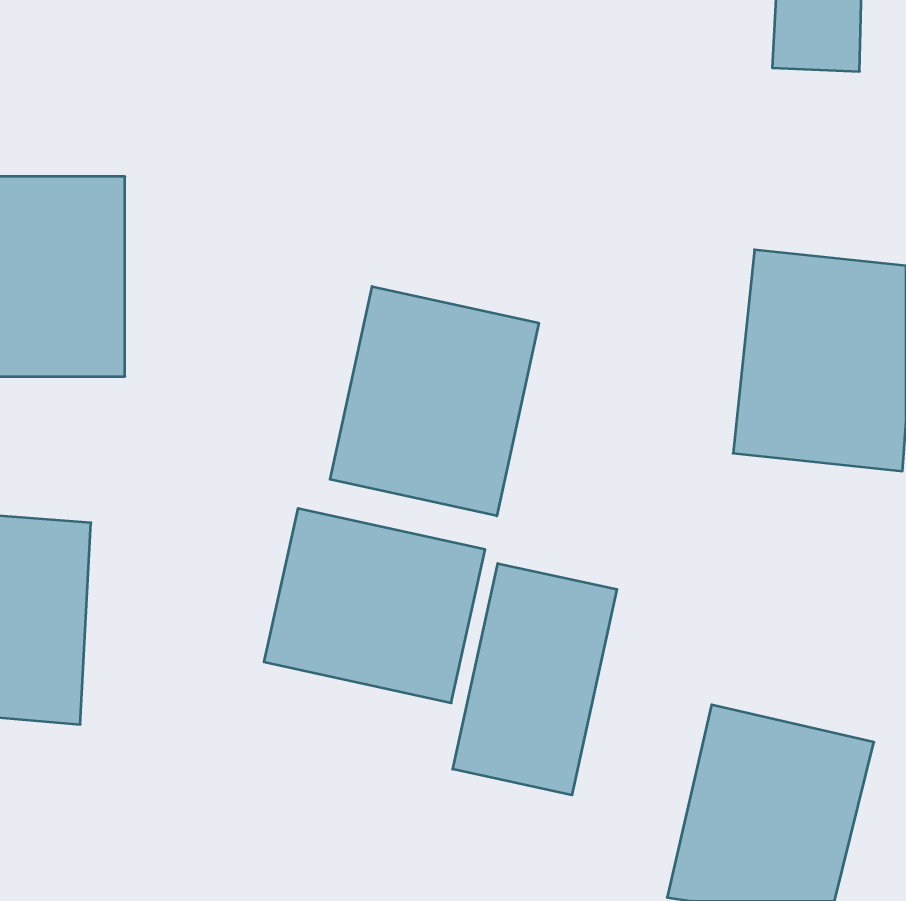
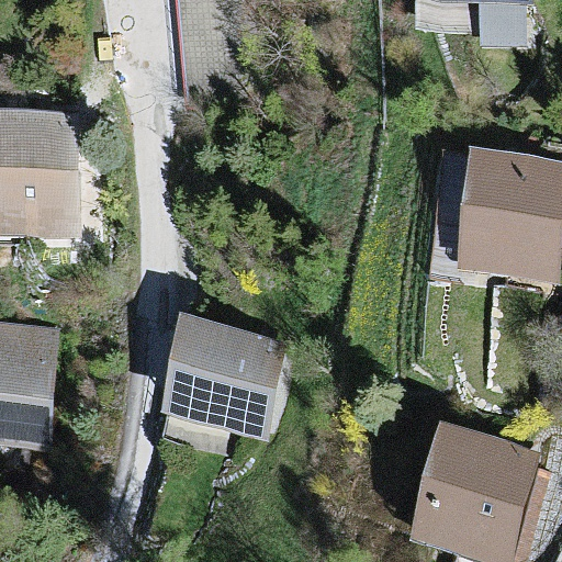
building: [330,286,539,516] -> none
building: [453,563,617,795] -> none

